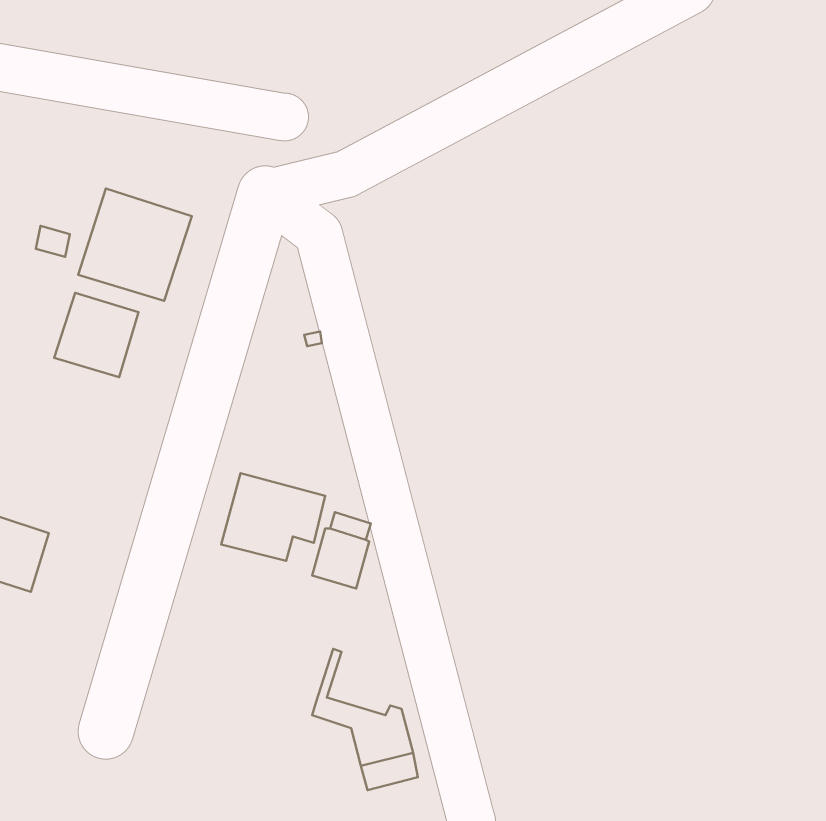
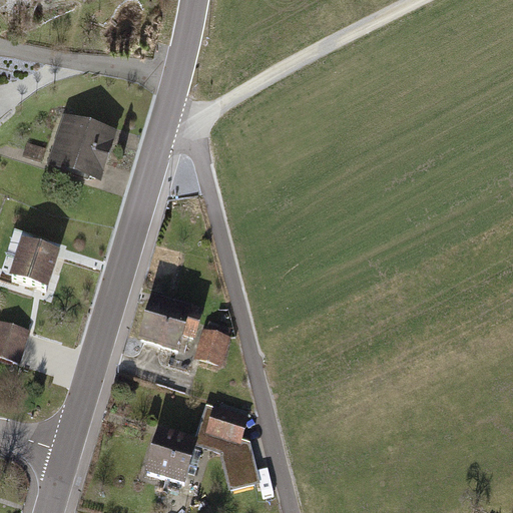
building: [54,293,139,377] -> [9,240,61,293]
building: none -> [201,402,247,441]
building: none -> [141,422,194,478]

